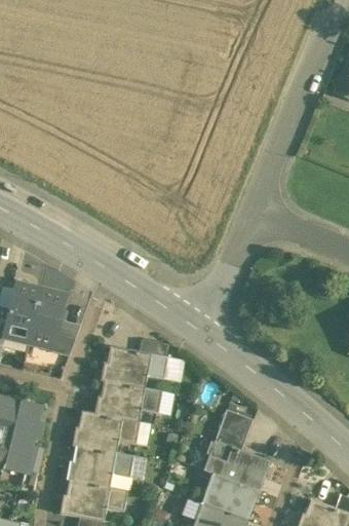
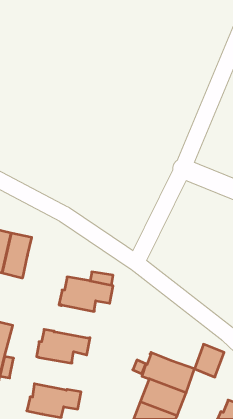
building: [53,320,80,356] -> none
building: [94,381,161,423] -> none
building: [216,410,253,451] -> [194,344,224,377]
building: [67,447,133,490] -> none

